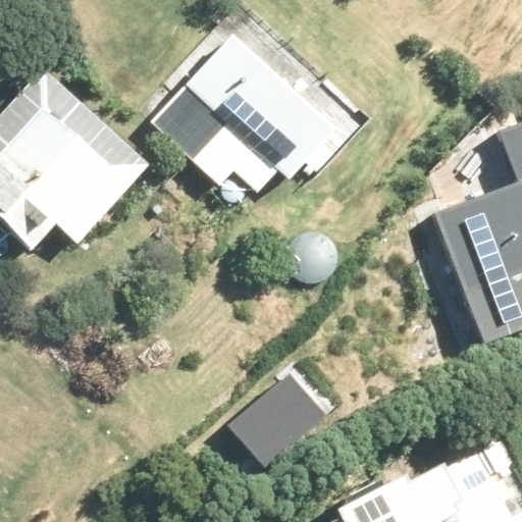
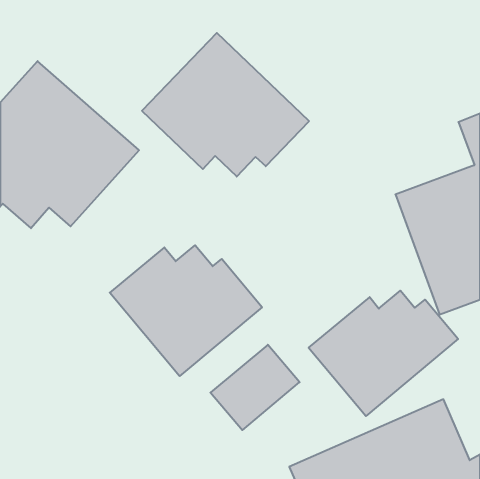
building: none -> [110,245,262,376]
building: none -> [309,291,458,416]

